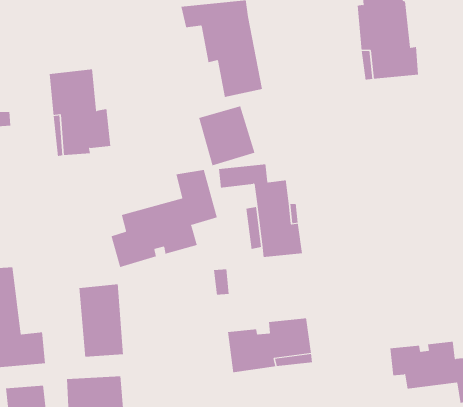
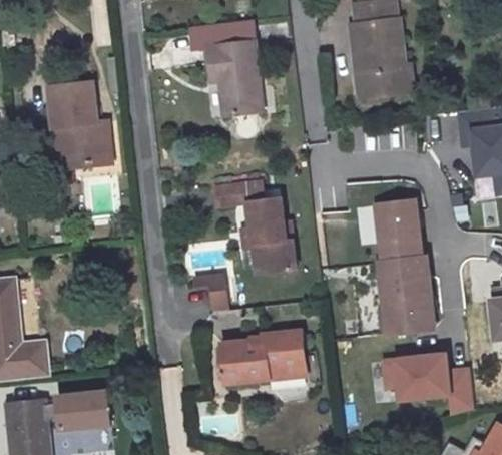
building: [198,106,255,166] -> none
building: [111,169,217,268] -> none
building: none -> [376,199,435,331]
building: [79,283,123,357] -> none

